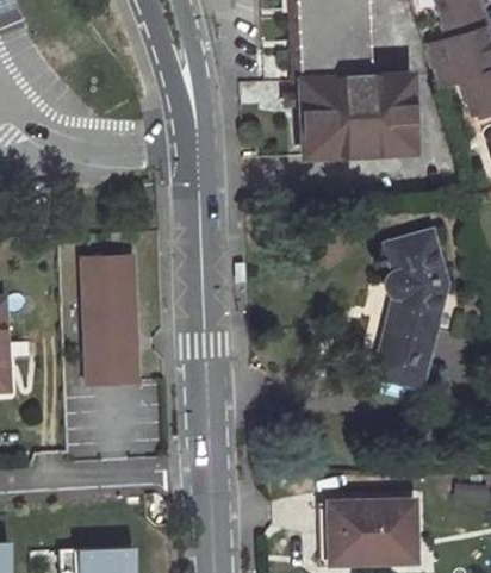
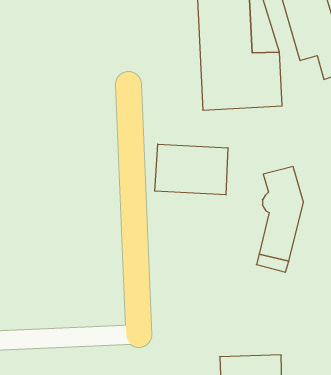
building: none -> [155,144,228,195]
building: [89,253,147,379] -> none

